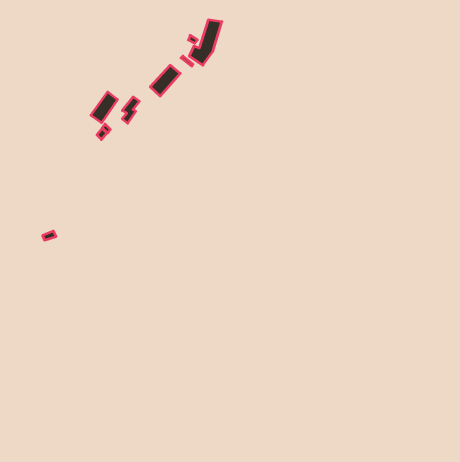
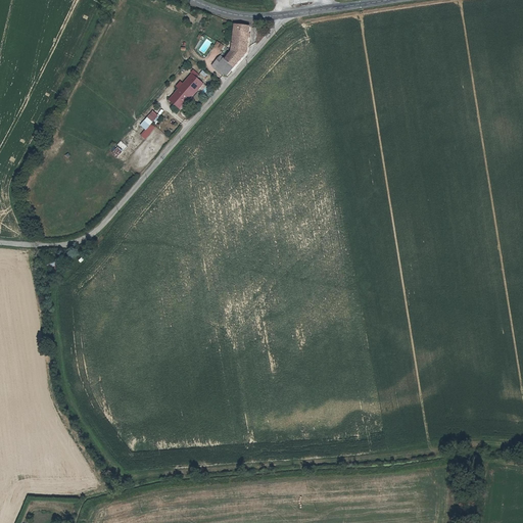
building: [91,92,117,123] -> none

